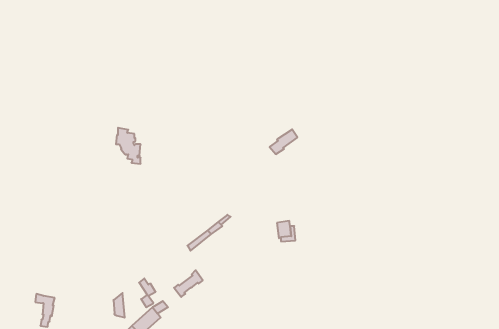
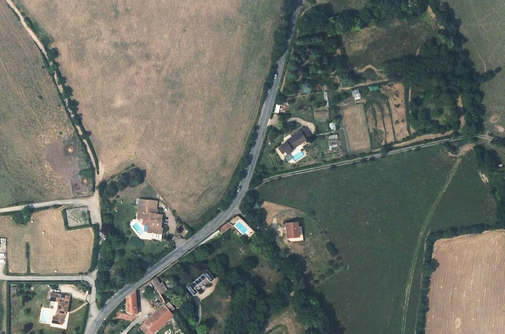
building: [116,128,141,164] -> [138,199,162,234]

